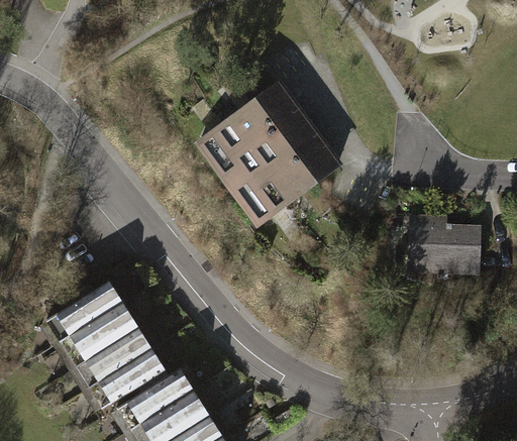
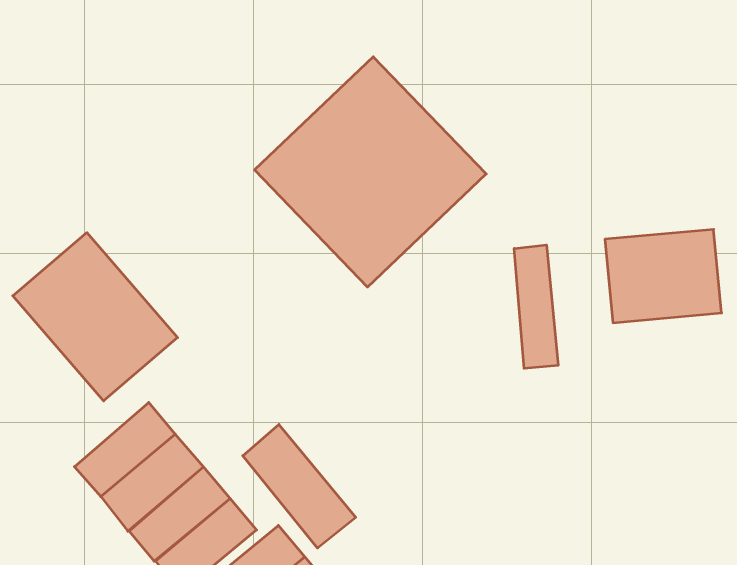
building: none -> [13,233,178,401]
building: none -> [514,245,558,368]
building: none -> [243,424,356,548]

